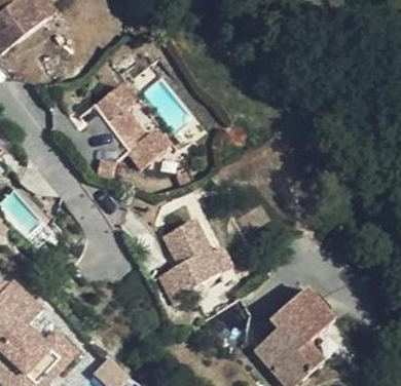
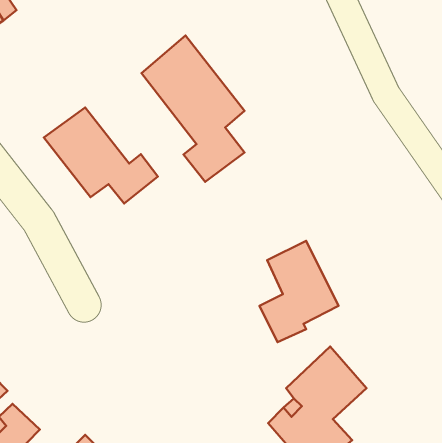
building: none -> [142,35,244,182]
building: [166,219,228,299] -> [259,241,339,342]

